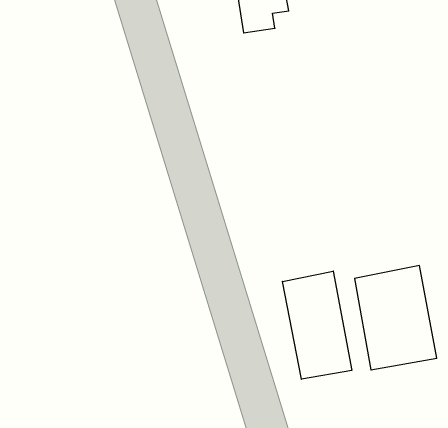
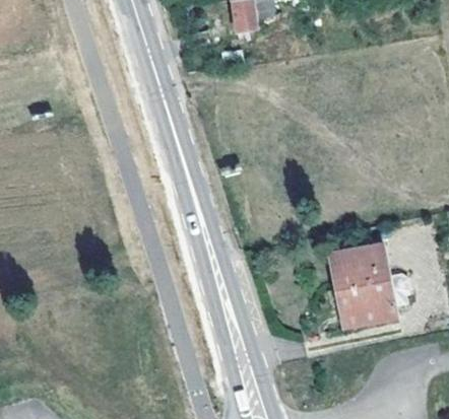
building: [282,271,352,379] -> none

